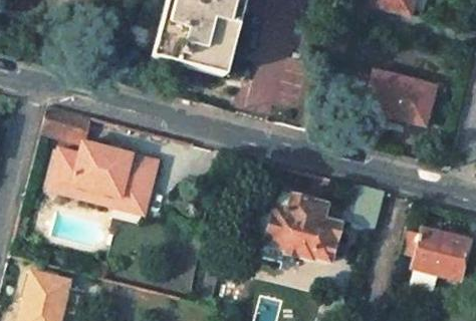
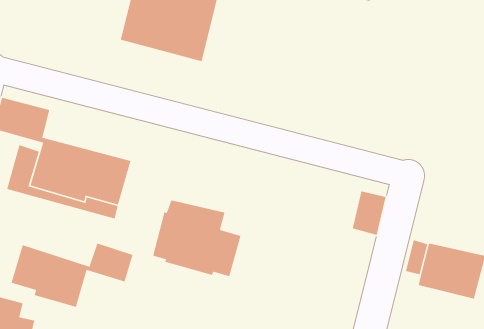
building: [372,73,437,126] -> none
building: [263,196,340,263] -> [152,200,242,277]
building: none -> [10,242,134,308]

